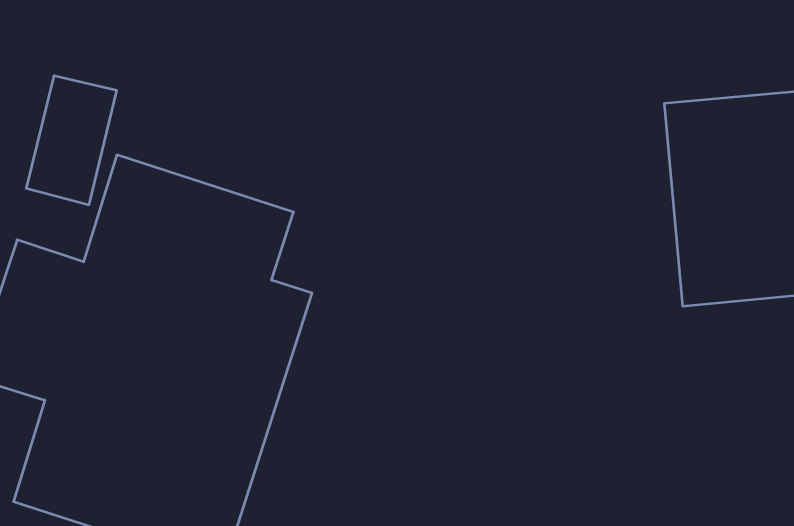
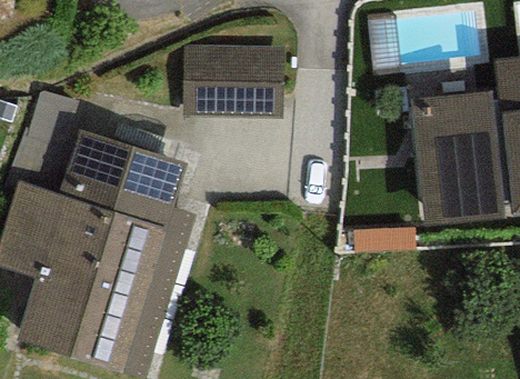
building: none -> [181,44,284,118]

